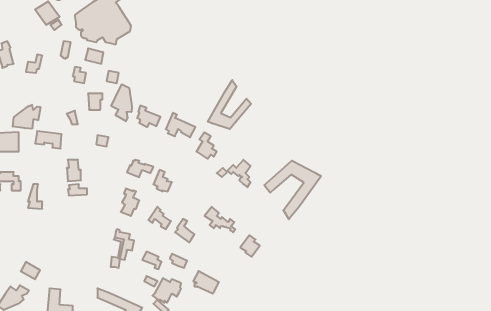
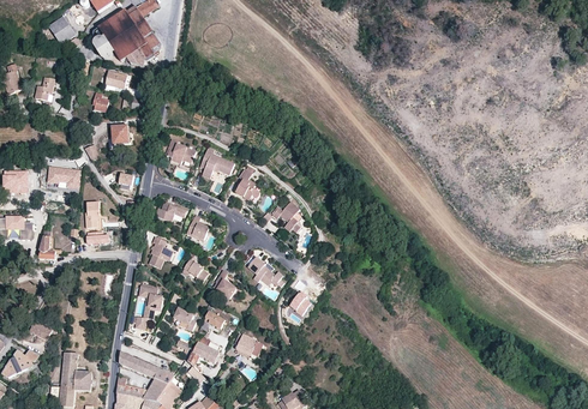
building: [208,80,251,129] -> none
building: [111,84,132,121] -> none
building: [13,105,40,129] -> none
building: [264,161,321,219] -> none

